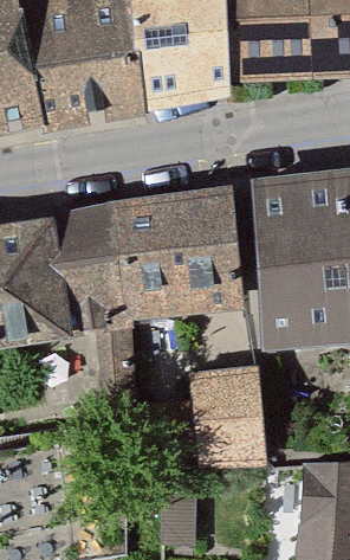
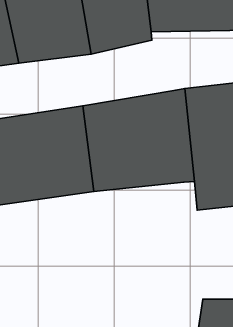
building: [188,380,265,481] -> none

